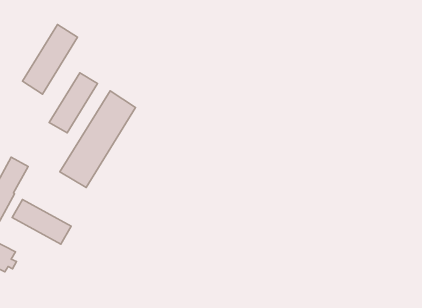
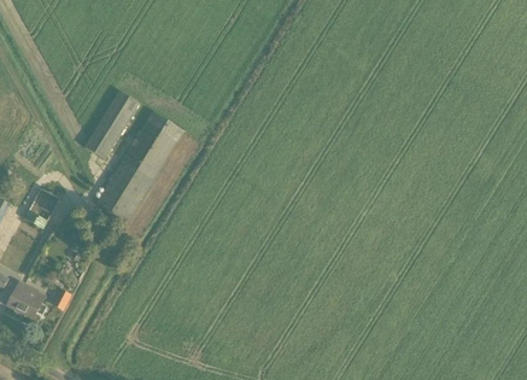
building: [22,24,78,94] -> none
building: [12,199,71,244] -> none

